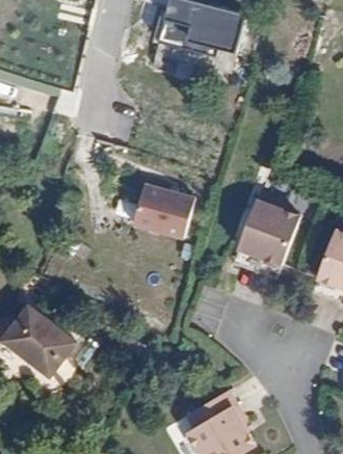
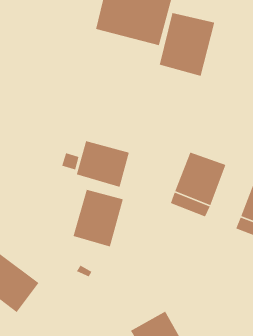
building: none -> [159,12,215,77]
building: none -> [72,189,124,247]

